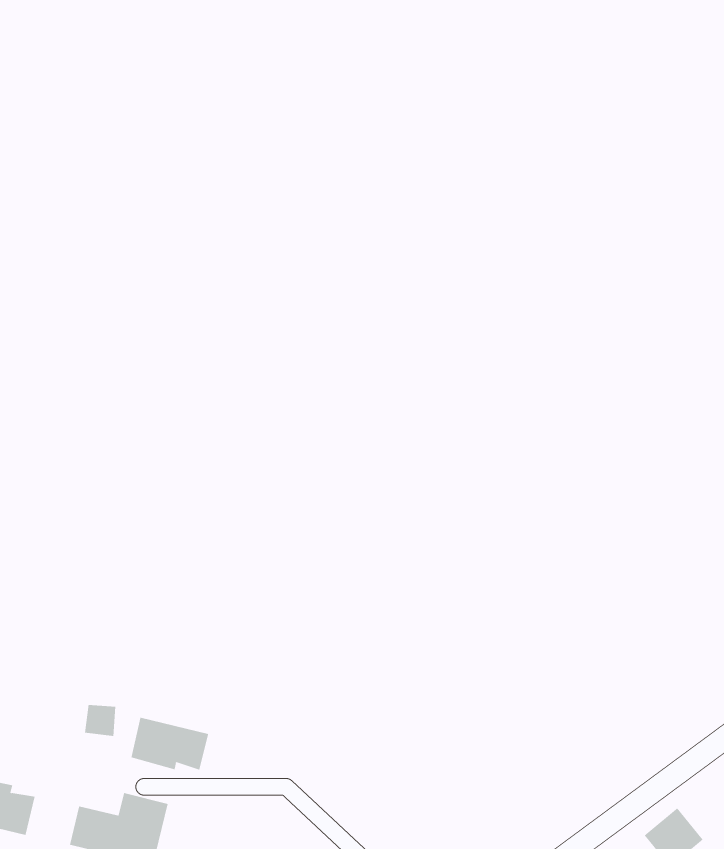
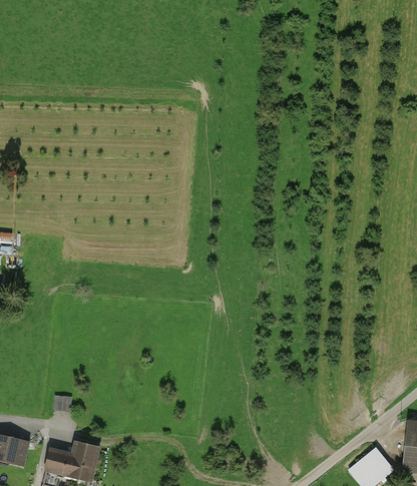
building: [131,717,209,771] -> none

